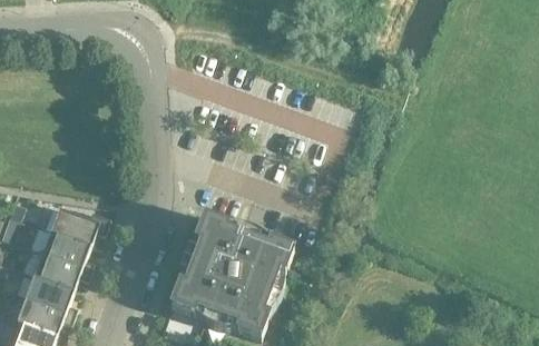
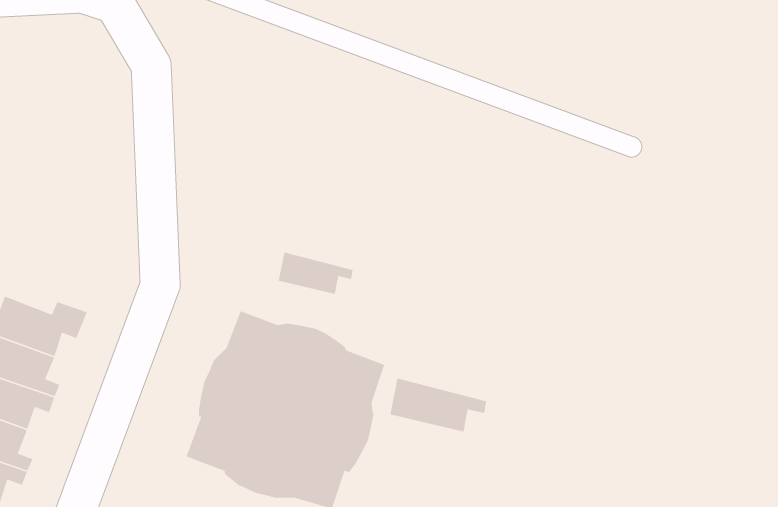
building: none -> [278,252,353,295]
building: none -> [389,378,487,432]

